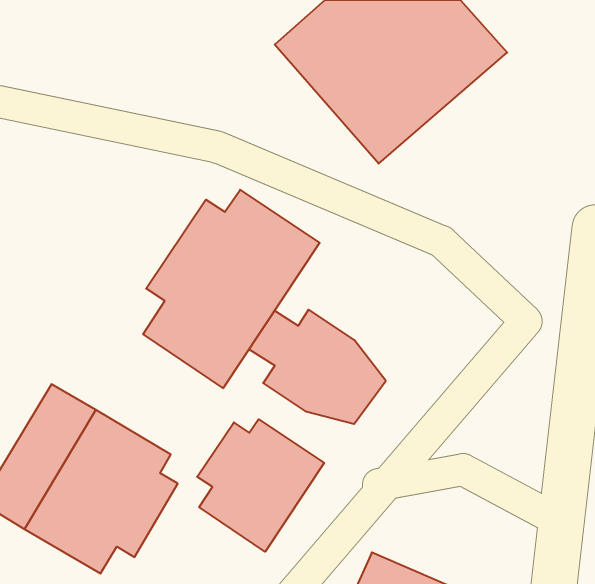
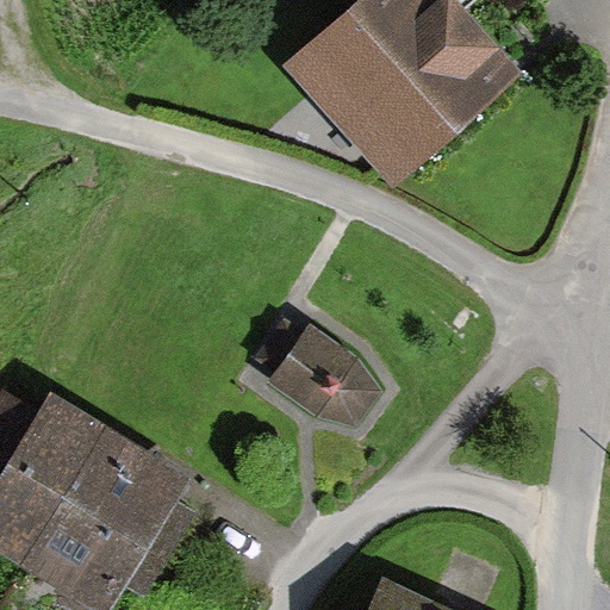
building: [143,190,320,388] -> none
building: [197,419,324,552] -> none

